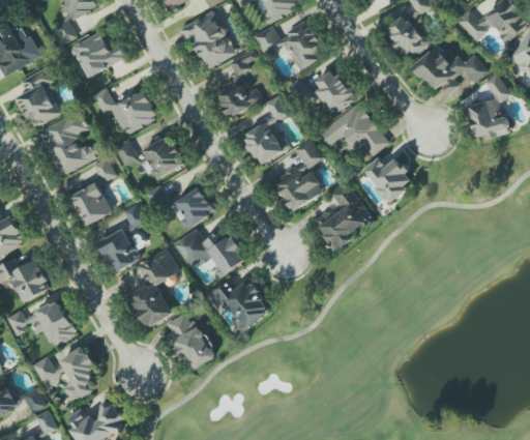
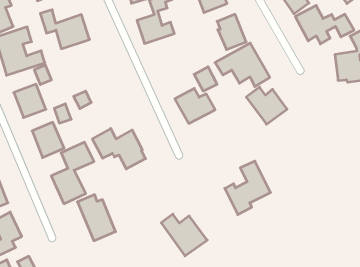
building: [242,95,288,165] -> none
building: [114,136,183,178] -> none
building: [314,182,372,252] -> [225,161,271,215]
building: [174,186,214,231] -> none
building: [211,280,271,330] -> [161,214,207,256]

